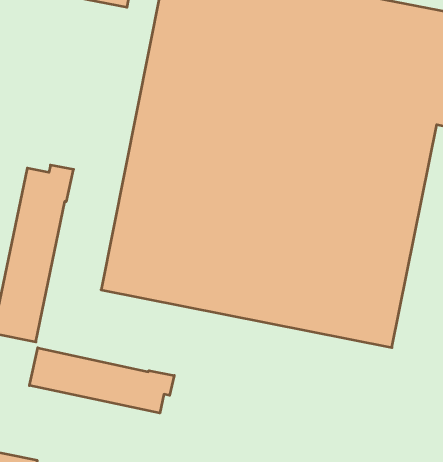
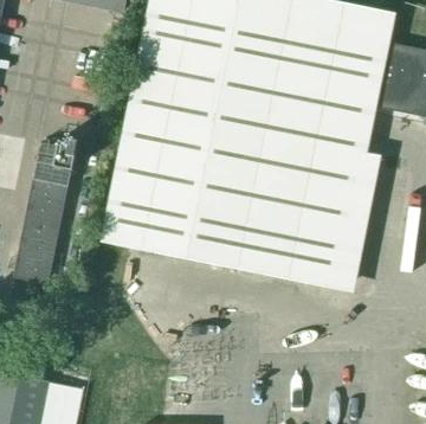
building: [29,348,174,413] -> none

